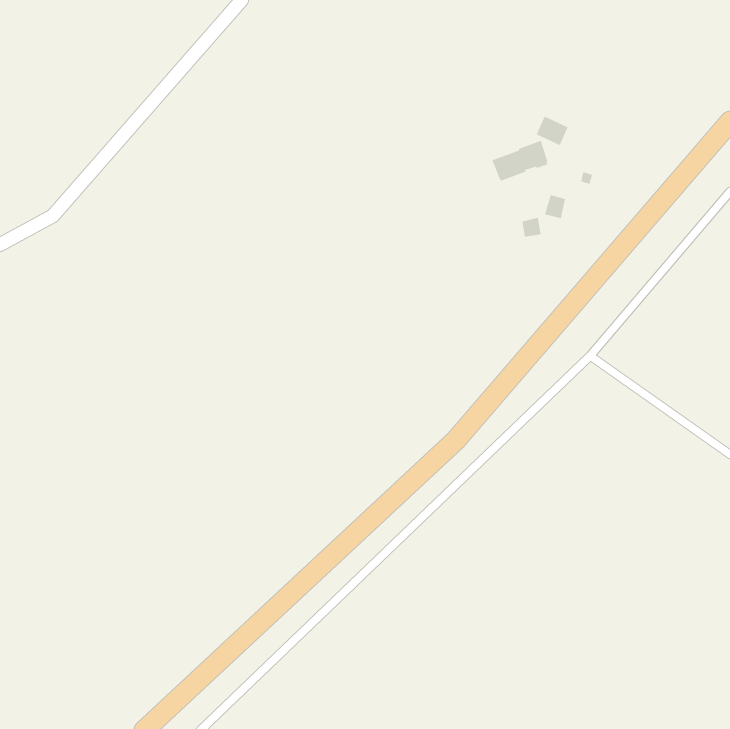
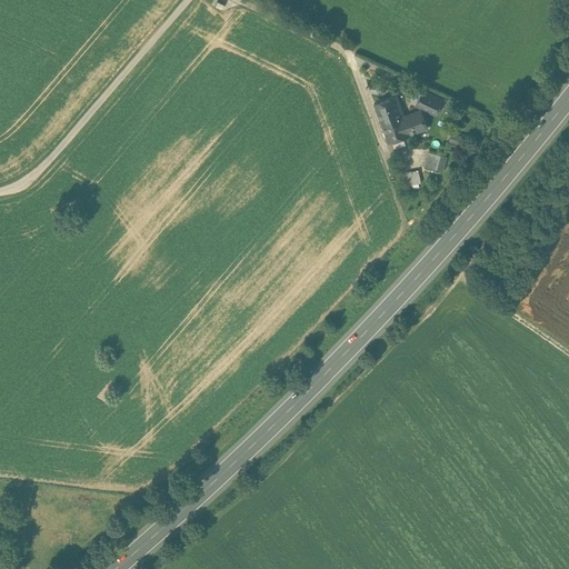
building: none -> [375,94,403,126]

